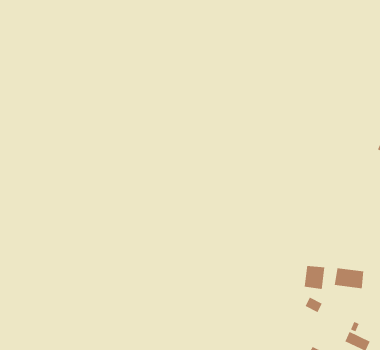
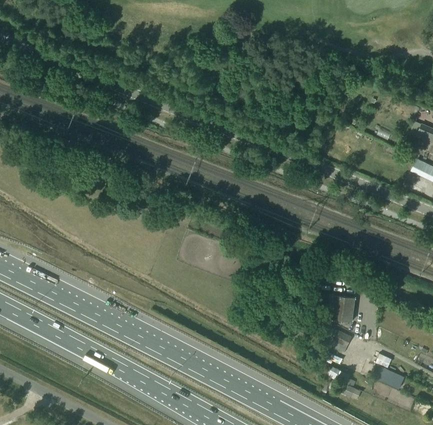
building: [334,268,364,289] -> none

